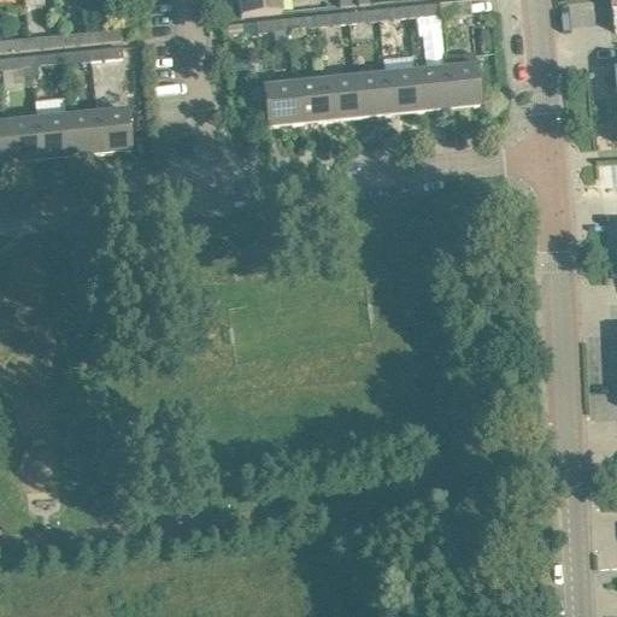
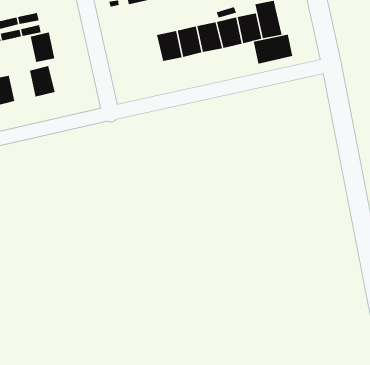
building: [262,81,296,125] -> none
building: none -> [253,34,293,65]
building: [66,111,100,154] -> [30,32,55,63]

